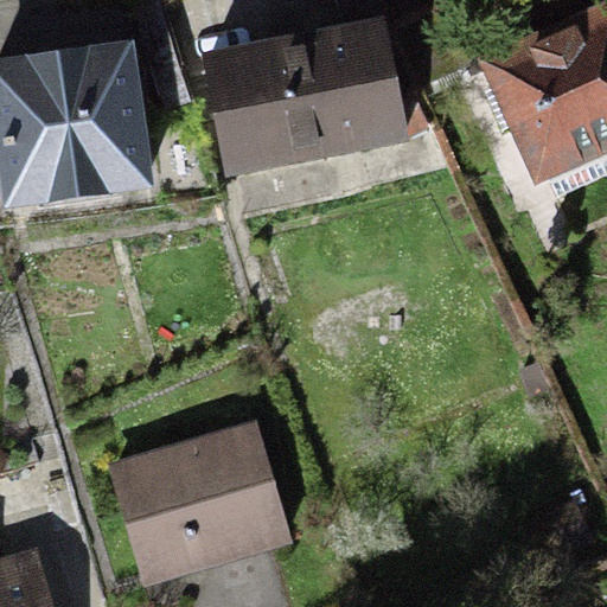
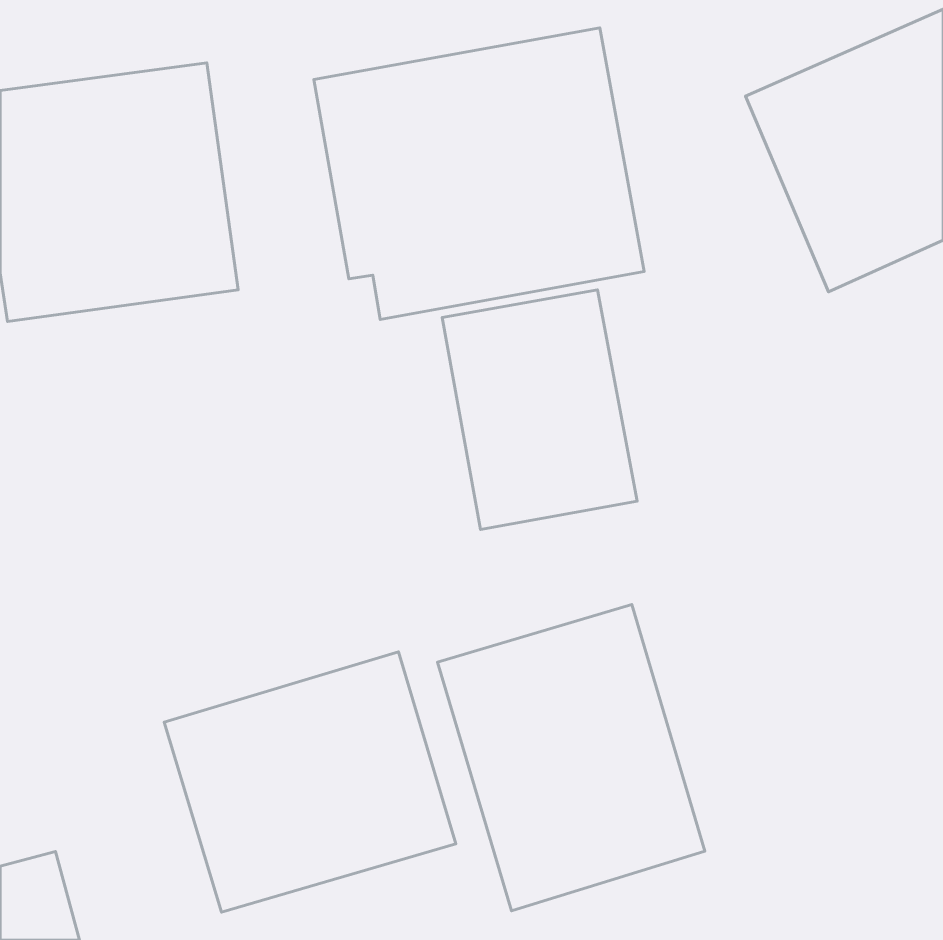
building: none -> [442,290,637,530]
building: none -> [437,604,705,911]

